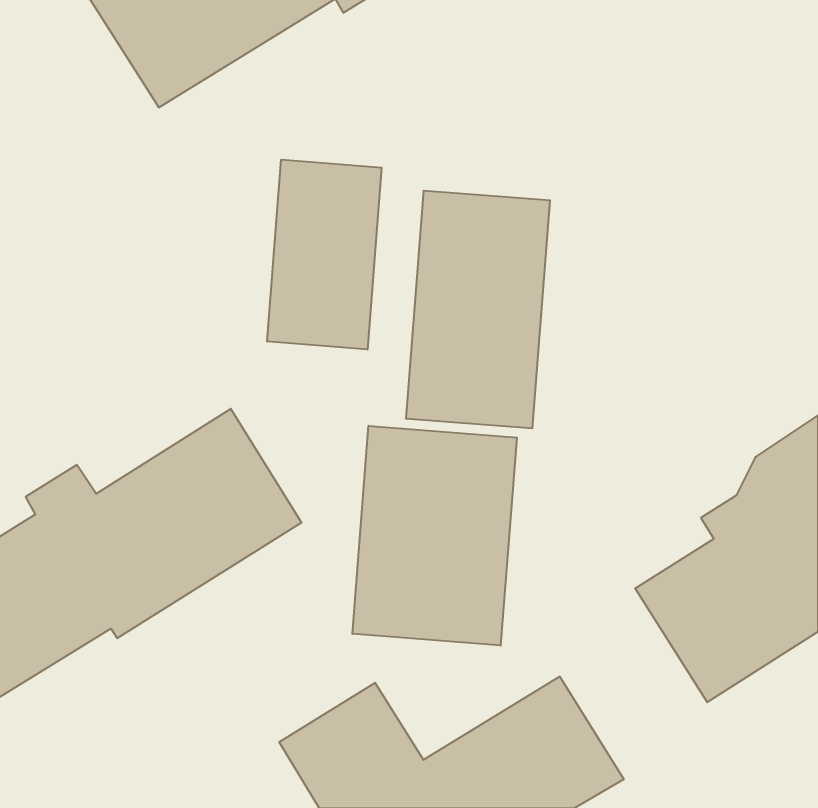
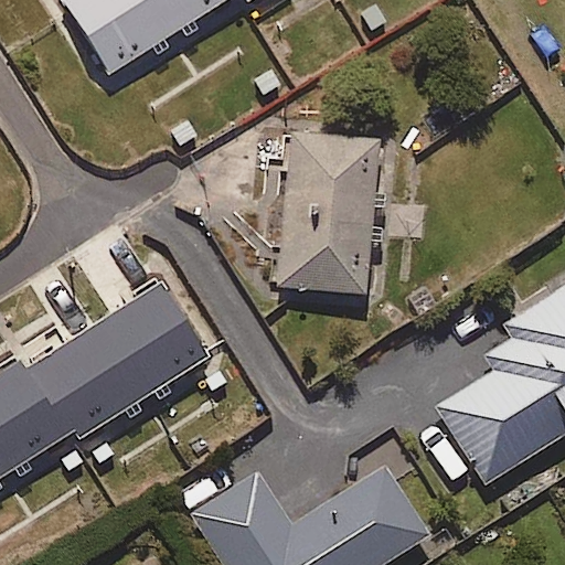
building: [267,160,382,350] -> none
building: [352,426,517,646] -> none

